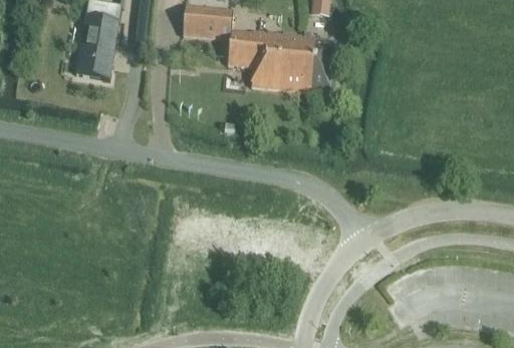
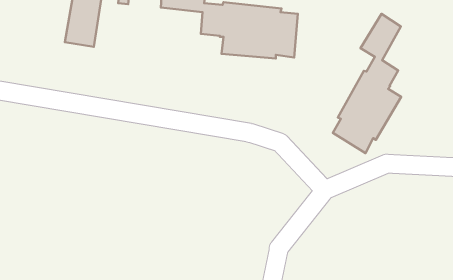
building: none -> [333,14,401,153]

